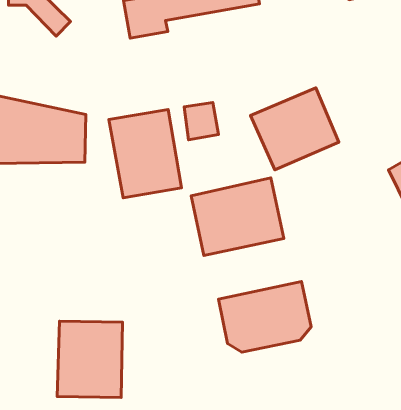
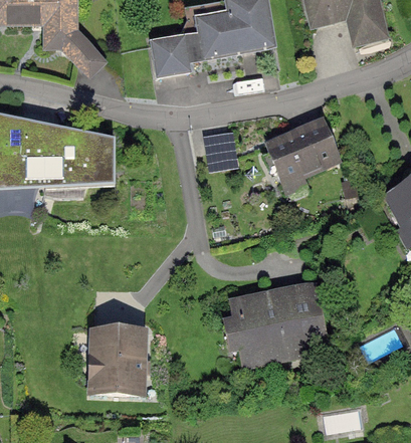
building: [109,109,181,198] -> none
building: [191,178,284,255] -> none

